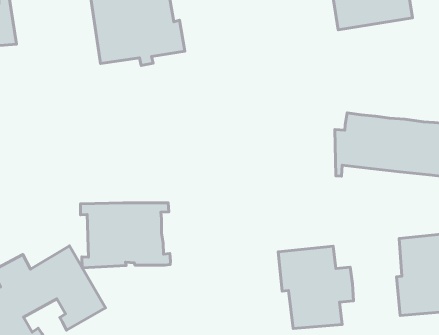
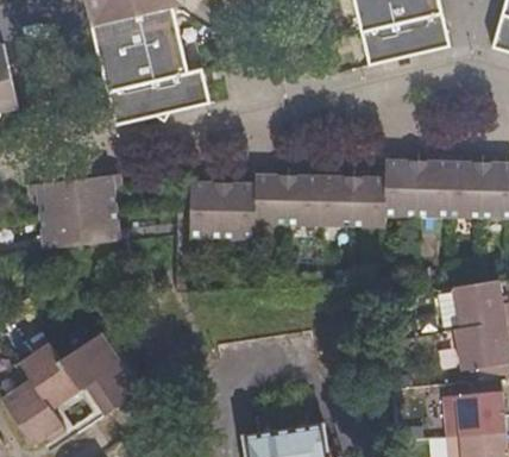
building: none -> [190,173,378,238]
building: [80,203,170,268] -> [31,177,133,255]
building: [278,246,354,329] -> none

